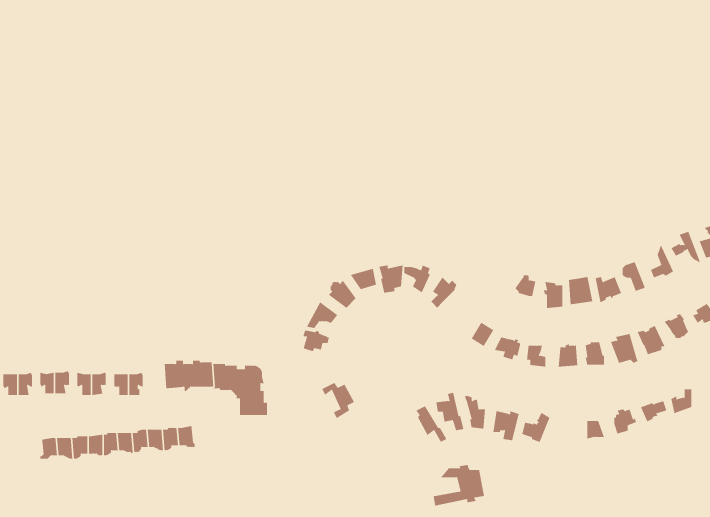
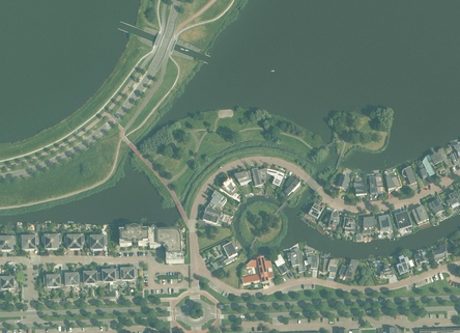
building: [433,464,485,506] -> [240,256,272,282]

